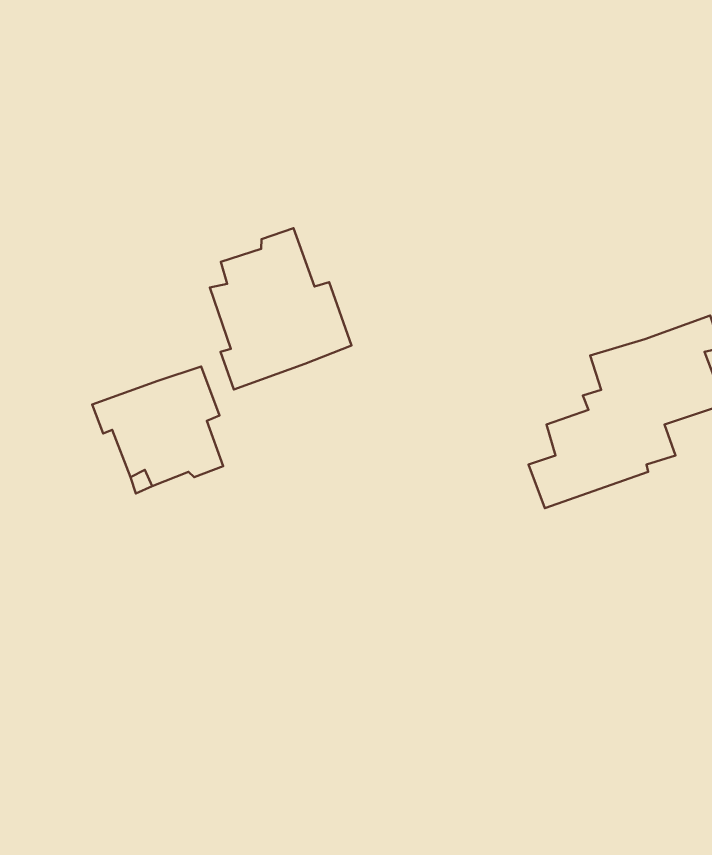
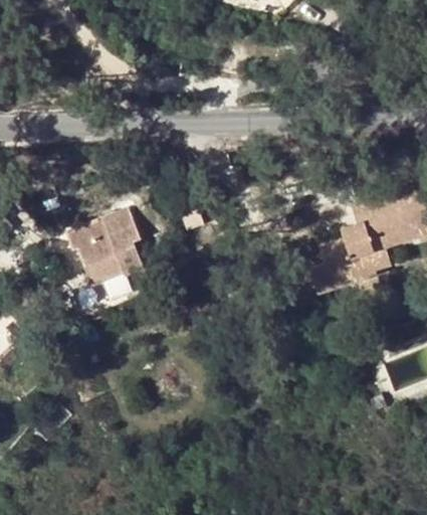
building: [210,228,351,389] -> none

